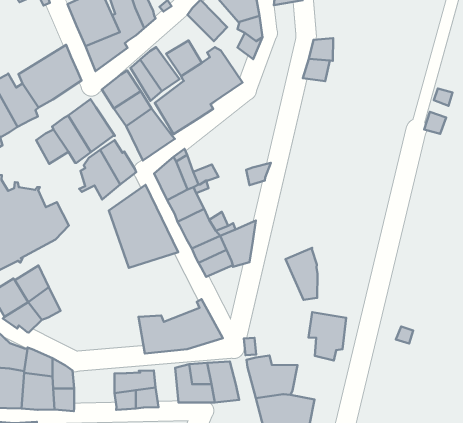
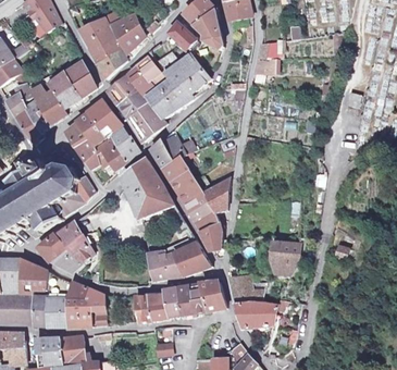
building: none -> [75,137,102,169]
building: [286,248,318,300] -> [195,210,220,248]
building: none -> [162,285,182,317]

